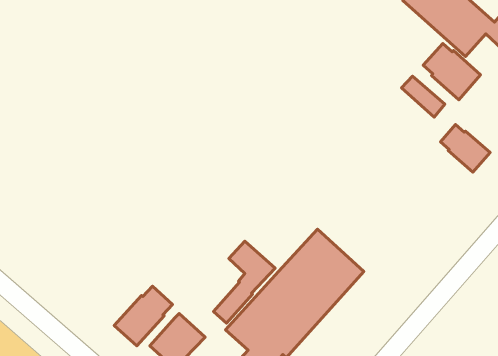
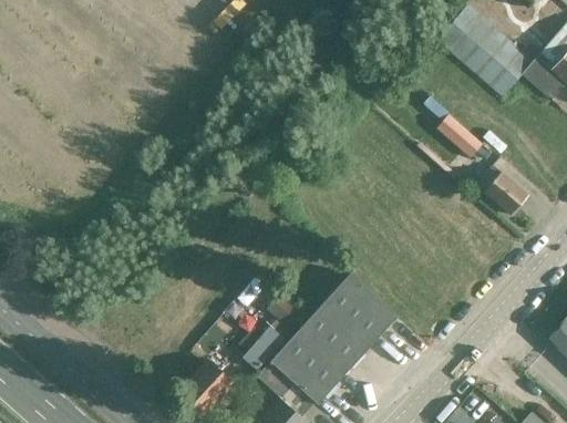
building: [423,43,481,100] -> none
building: [114,286,172,346] -> none

